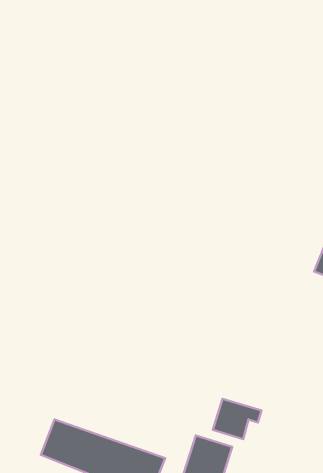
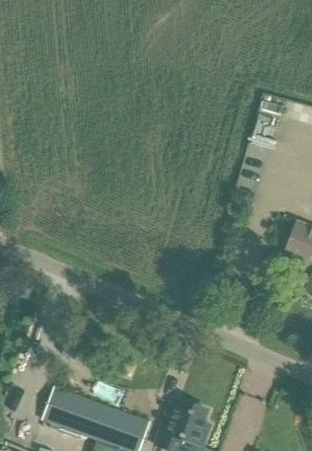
building: [213,399,261,439] -> none

